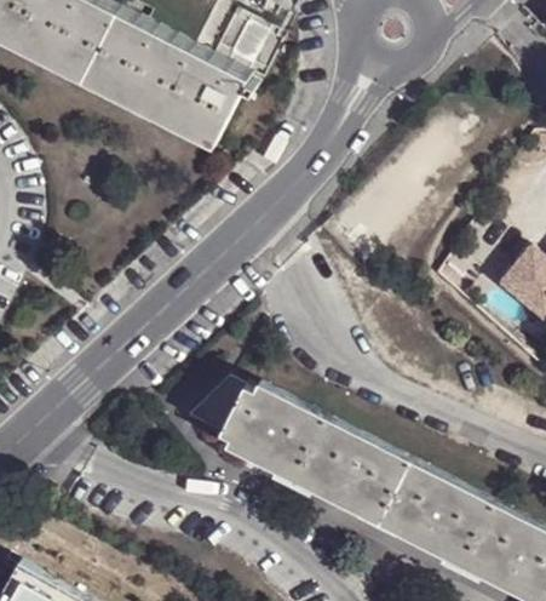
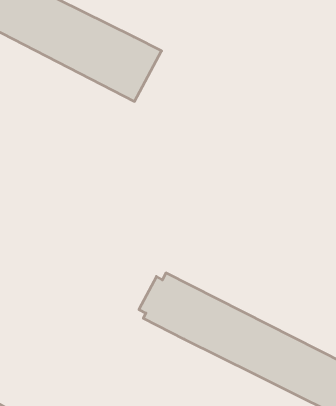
building: [212,13,283,82] -> none
building: [186,382,243,437] -> none

